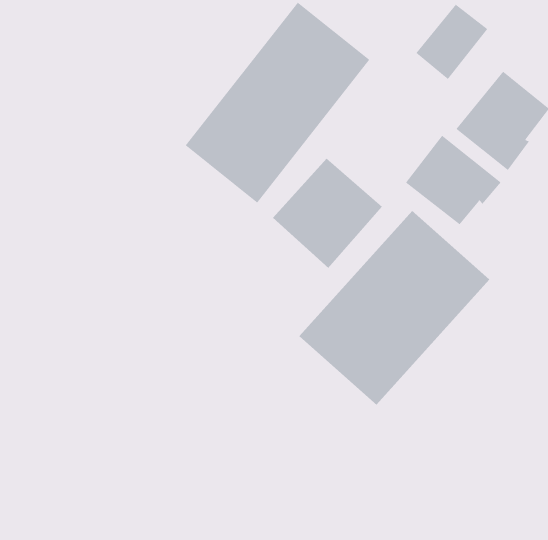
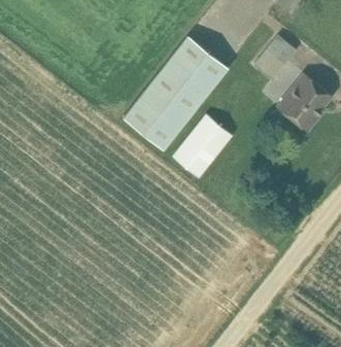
building: [405,135,502,225] -> none
building: [299,210,490,406] -> none

